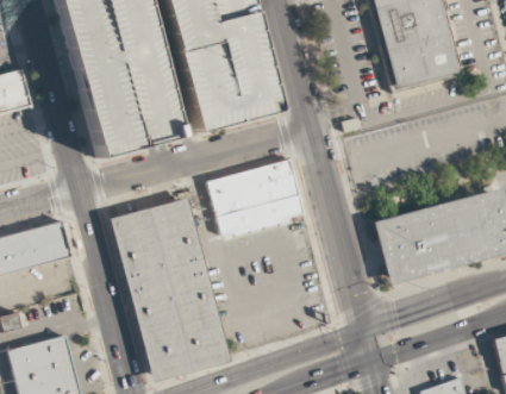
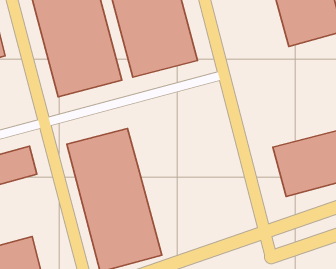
building: [208,160,306,234] -> none

